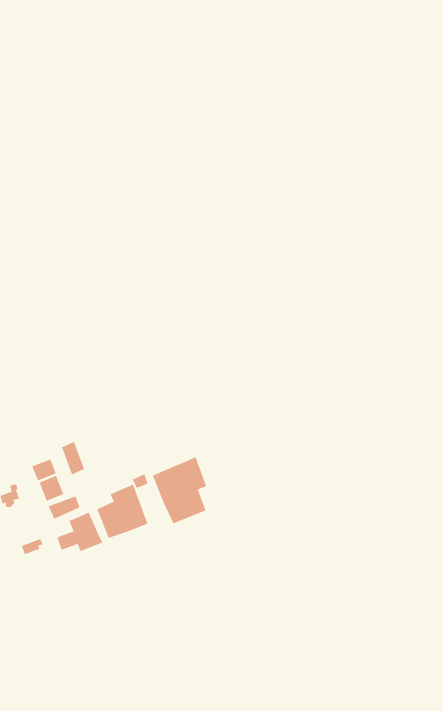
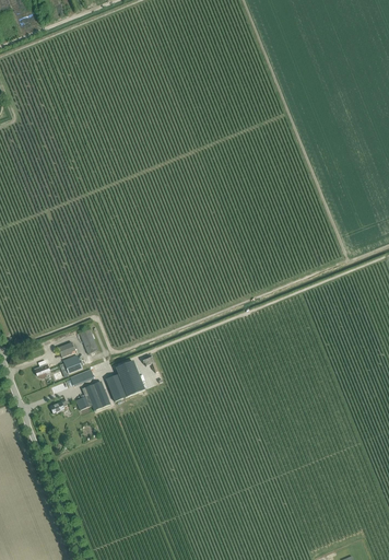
building: [152,456,207,524] -> none

